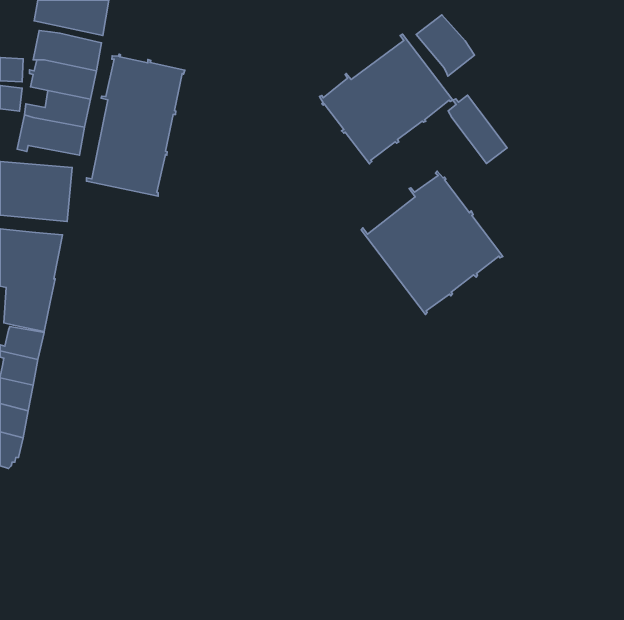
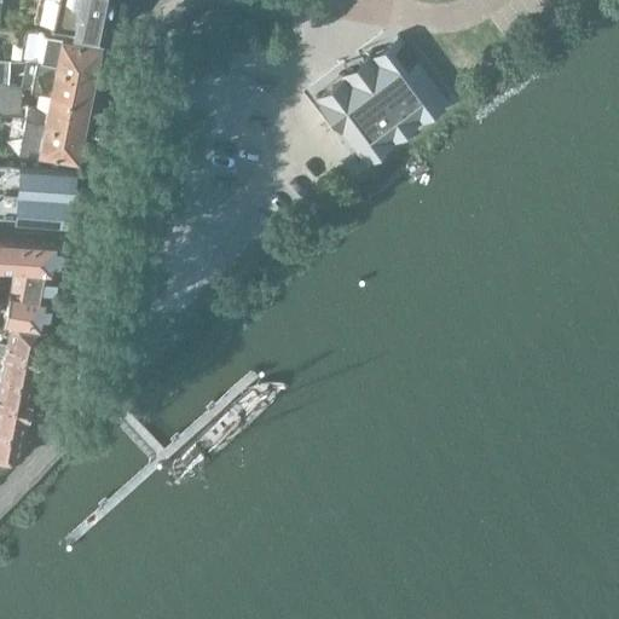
building: [416,15,474,76] -> none
building: [86,54,185,196] -> none
building: [448,95,507,164] -> none
building: [361,171,503,315] -> none

